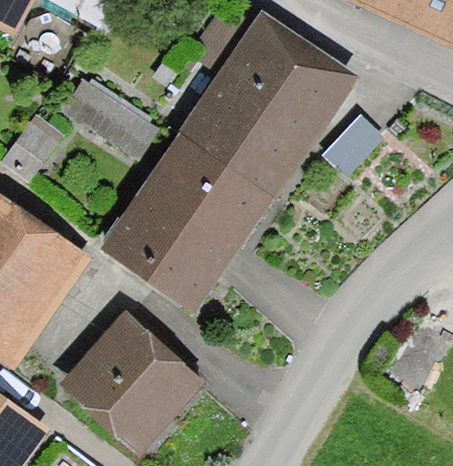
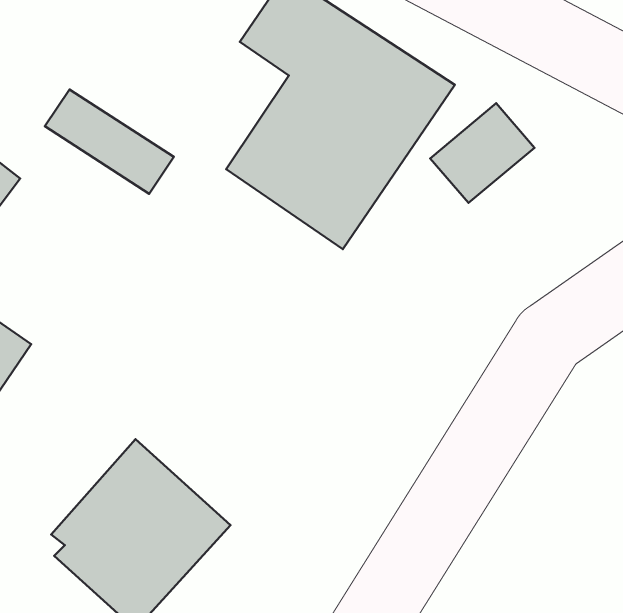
building: [108,139,265,306] -> none

